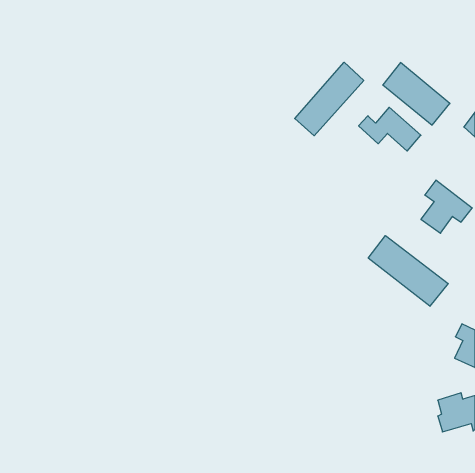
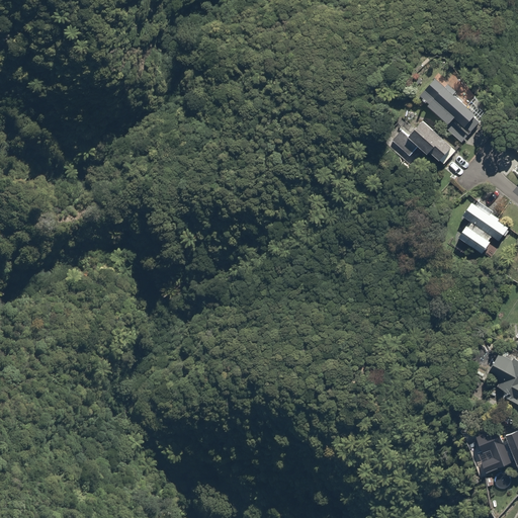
building: [295,62,364,136] -> none
building: [368,236,448,306] -> none

